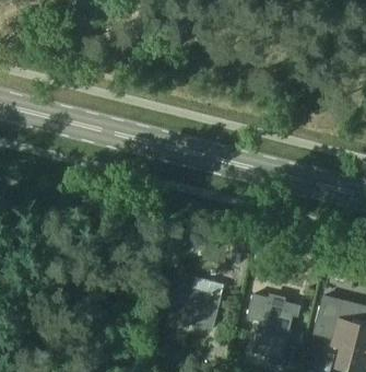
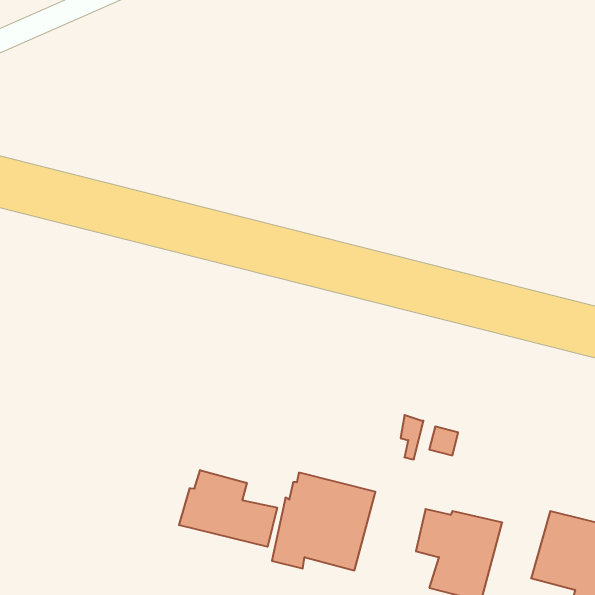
building: none -> [179,470,277,547]

